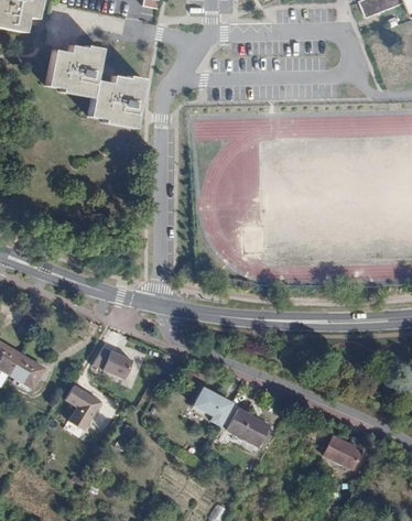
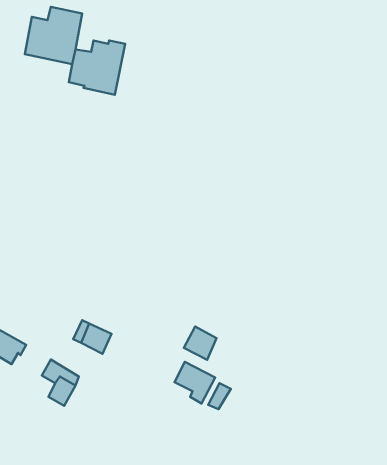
building: none -> [184,326,216,360]
building: [237,413,269,444] -> none
building: [324,436,359,468] -> none

